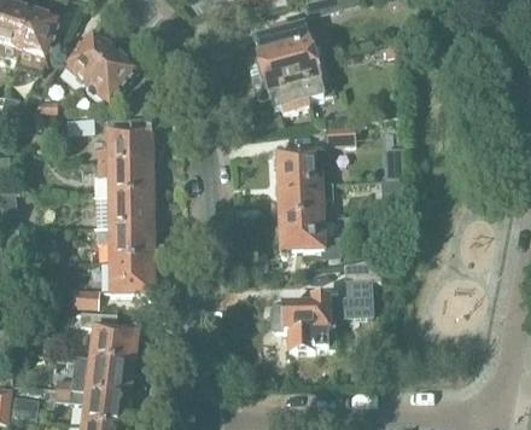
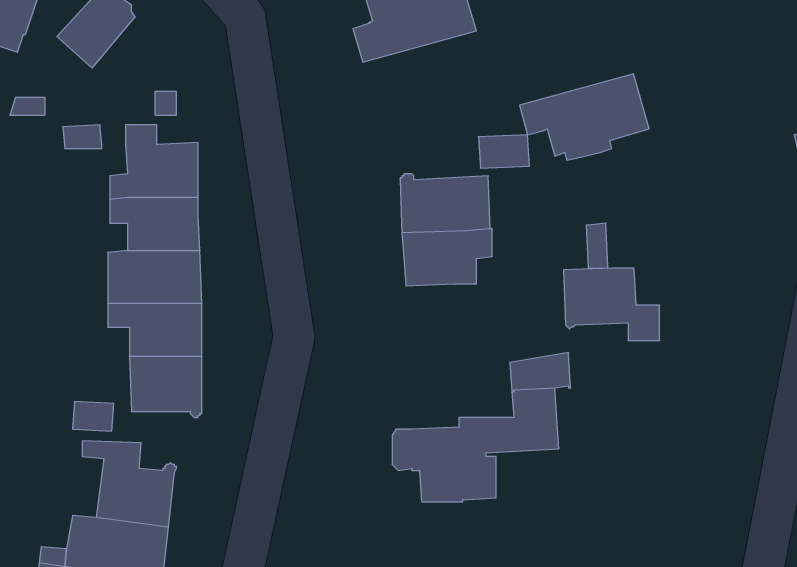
building: [86,50,135,100] -> none
building: [252,58,332,111] -> [520,74,649,160]
building: [279,214,338,258] -> [564,268,660,341]

